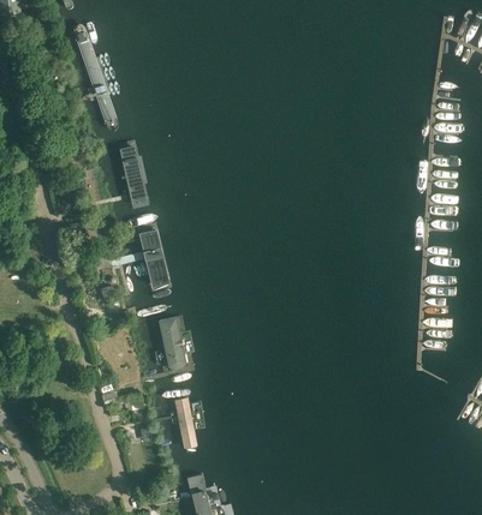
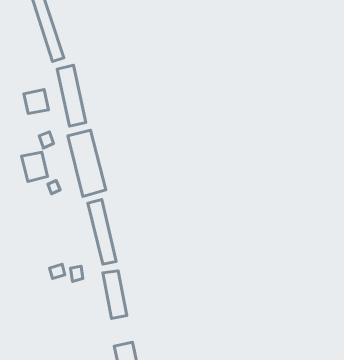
building: none -> [24,89,49,113]
building: none -> [21,152,48,182]

